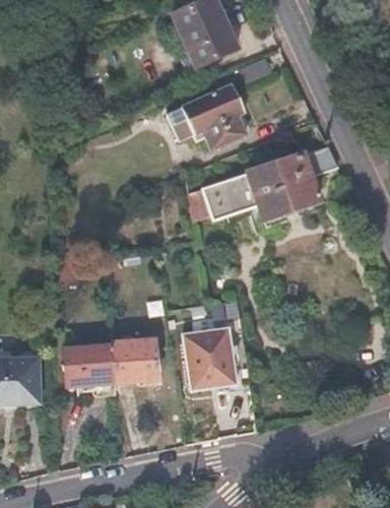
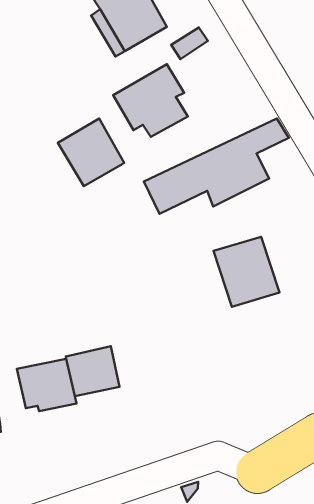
building: none -> [58,119,124,186]
building: [181,324,238,386] -> [214,237,280,307]

